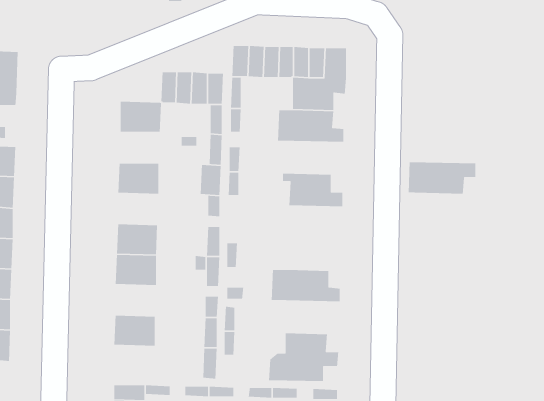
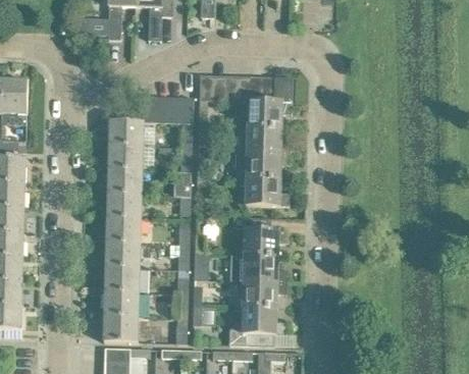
building: none -> [108,145,142,169]
building: [408,161,476,194] -> [234,152,290,178]
building: none -> [107,194,141,219]
building: none -> [244,228,288,256]
building: none -> [105,267,139,292]
building: none -> [242,280,286,307]
building: none -> [103,316,138,341]

